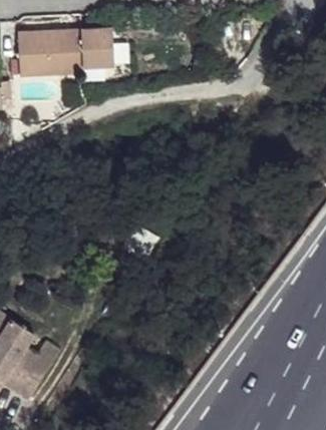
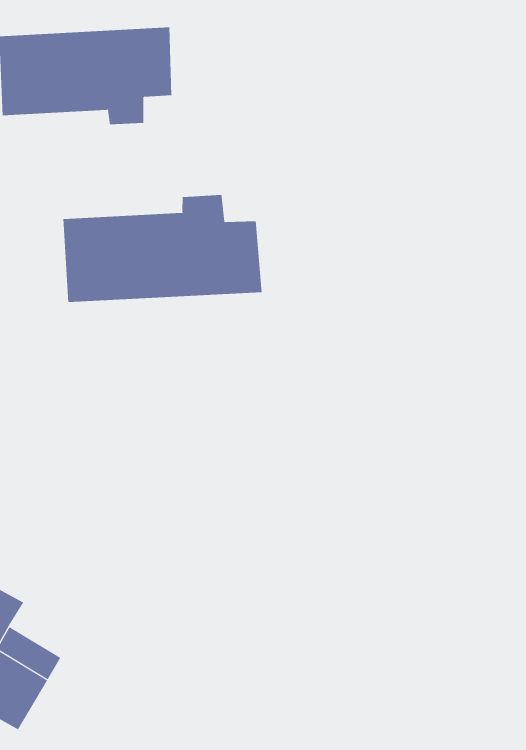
building: none -> [63,194,262,303]

